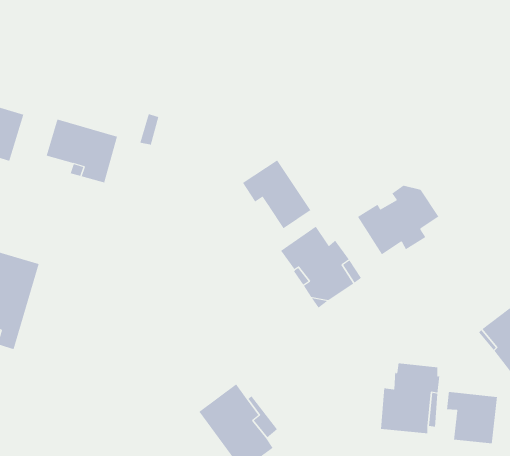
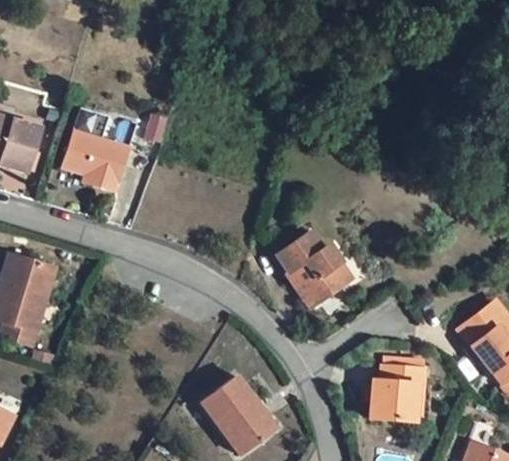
building: [242,159,311,229] -> none
building: [357,185,439,255] -> none
building: [446,391,497,444] -> none

